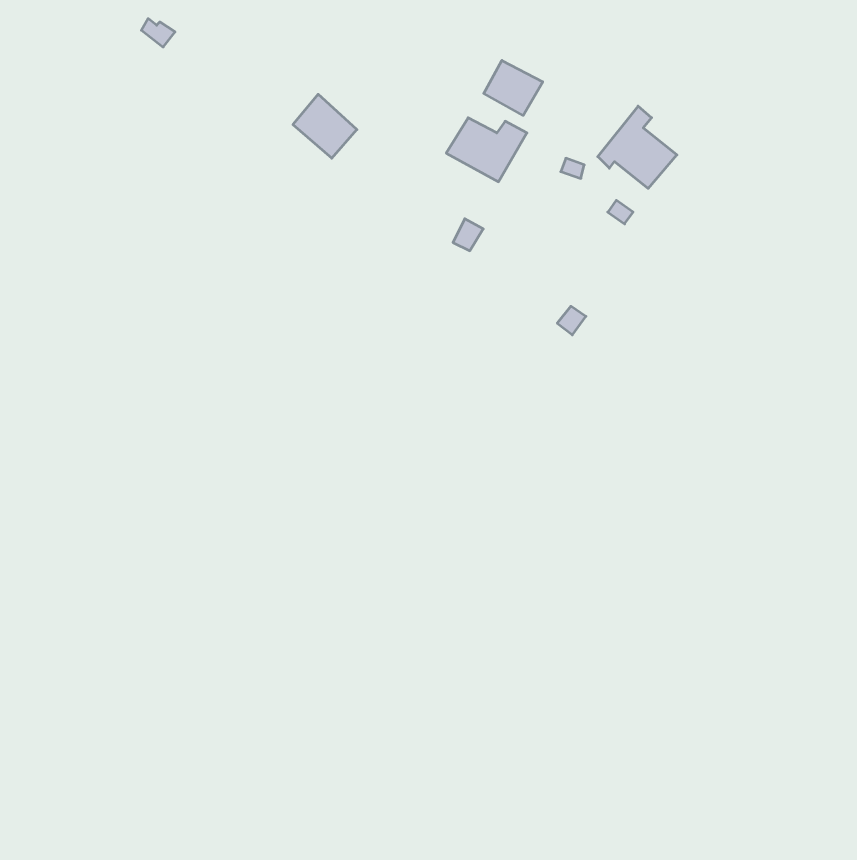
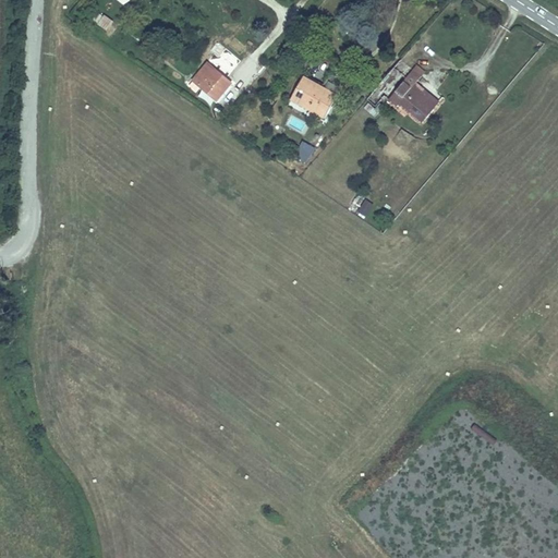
building: [484,60,543,115] -> none

